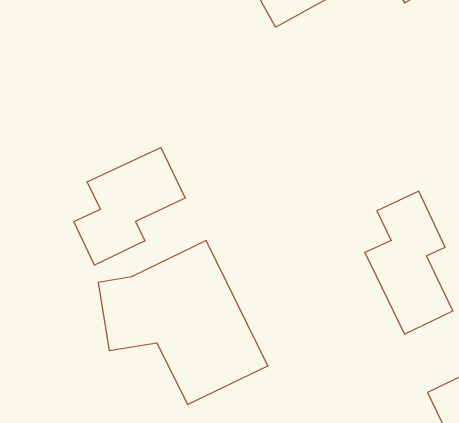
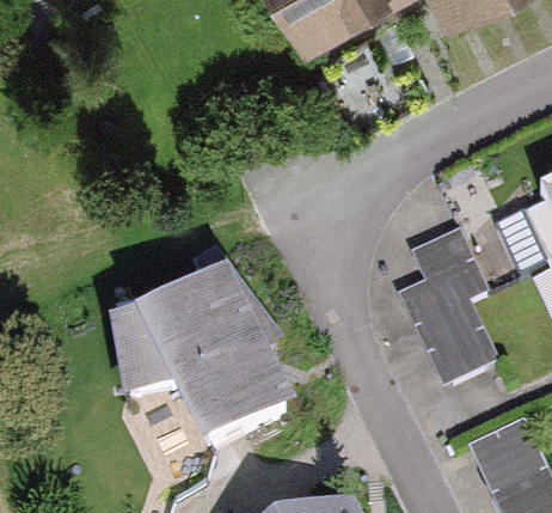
building: [74,148,185,265] -> none

